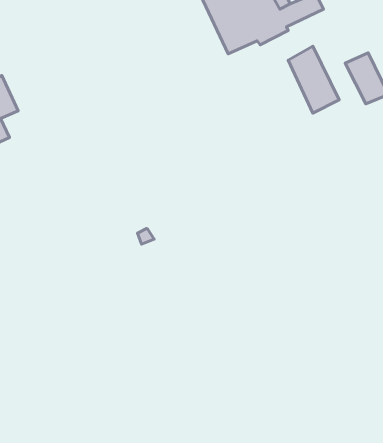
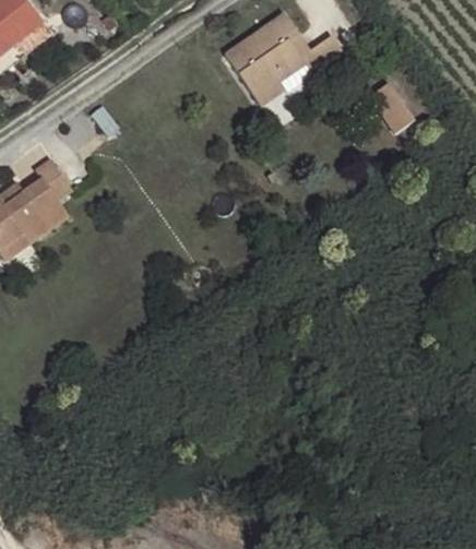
building: [288,46,339,113] -> none

